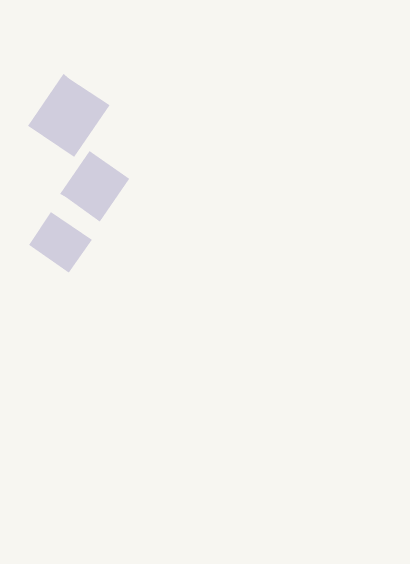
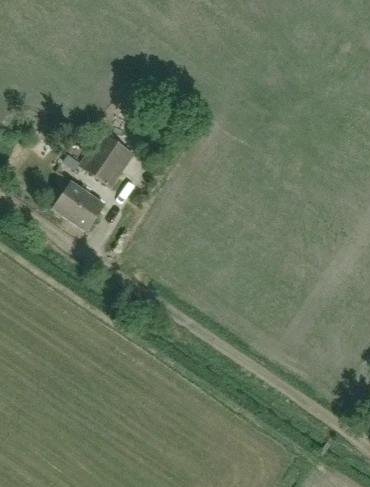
building: [27,73,111,158] -> none

